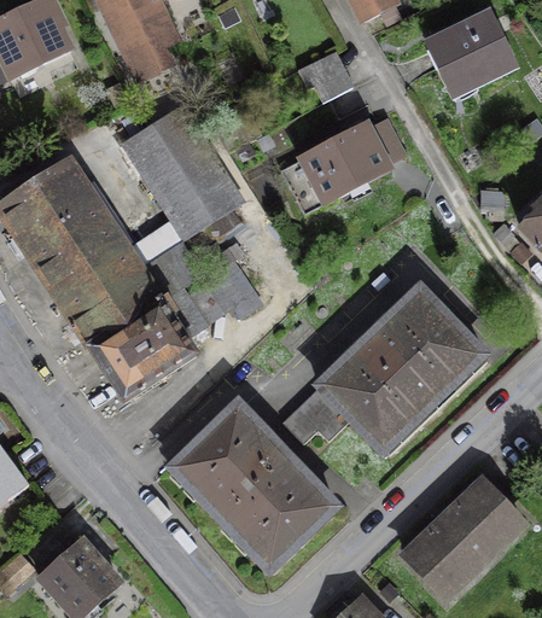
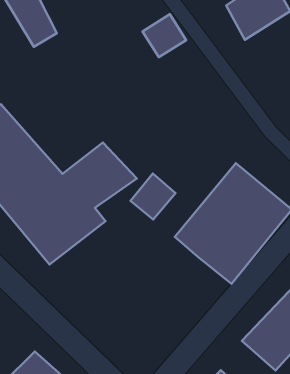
building: [116,105,238,237] -> none
building: [280,117,400,217] -> none
building: [278,381,346,450] -> [131,174,176,219]
building: [163,397,339,571] -> none

